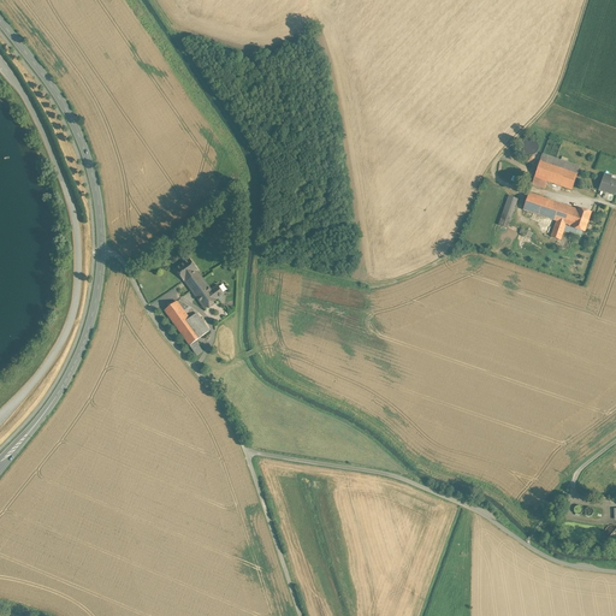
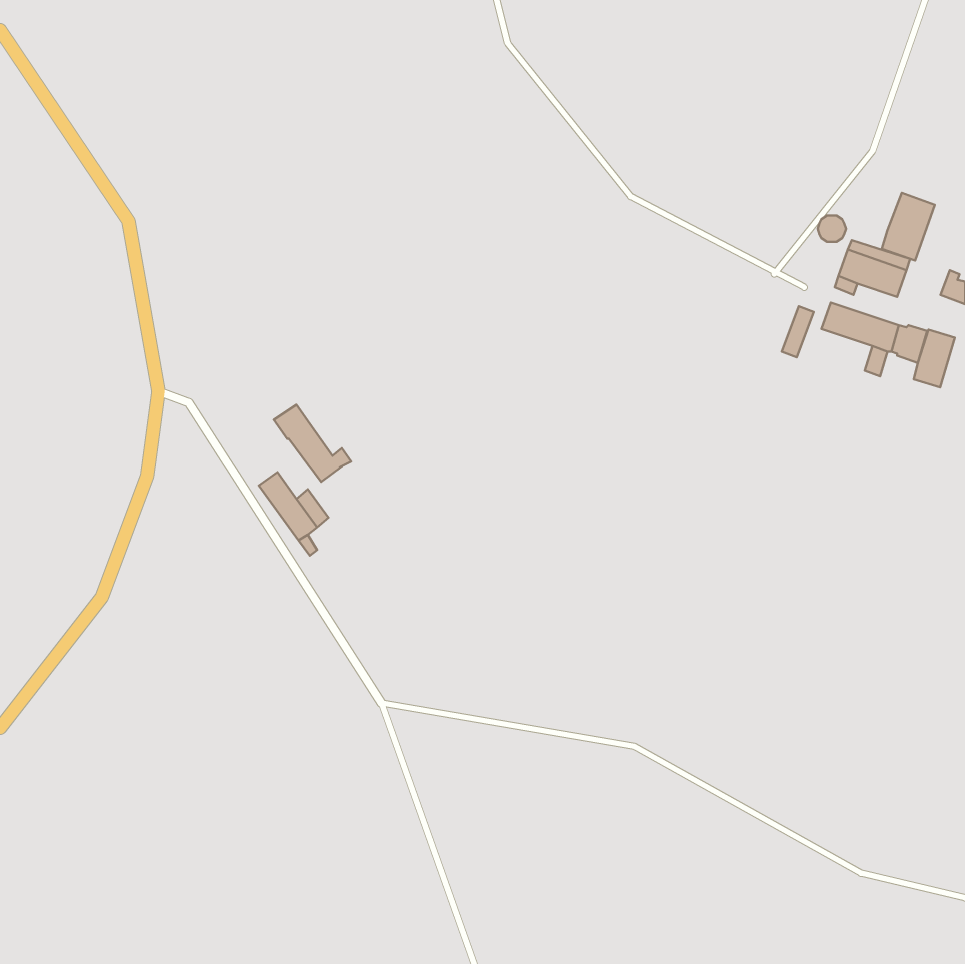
building: none -> [882,193,935,261]
building: none -> [914,330,955,387]

